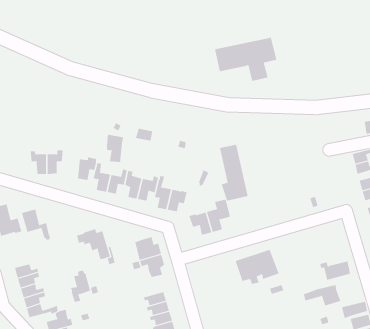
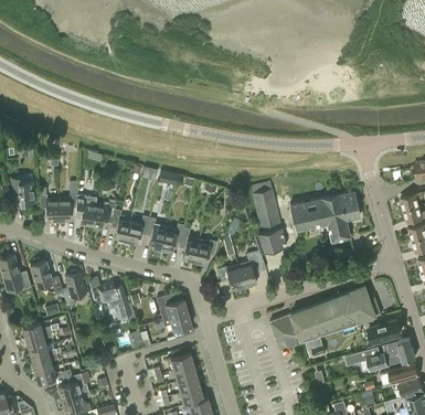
building: [214,37,277,82] -> [289,192,360,242]
building: [106,134,124,163] -> [76,195,96,227]
building: none -> [11,179,34,205]
building: none -> [309,287,380,333]
building: [70,270,91,303] -> [62,270,85,307]
building: none -> [383,339,415,365]

